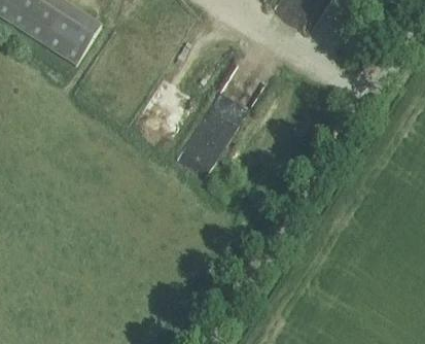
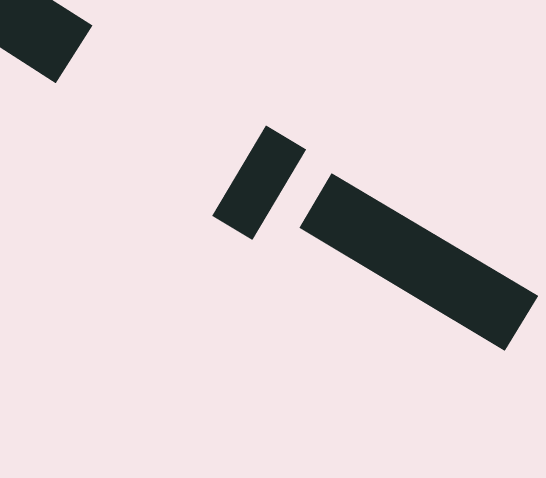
building: none -> [299,172,539,352]

